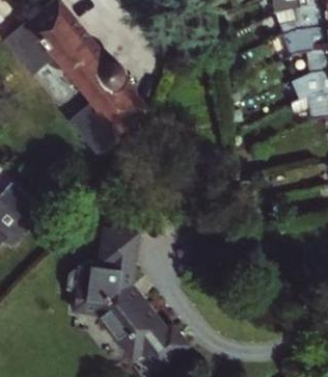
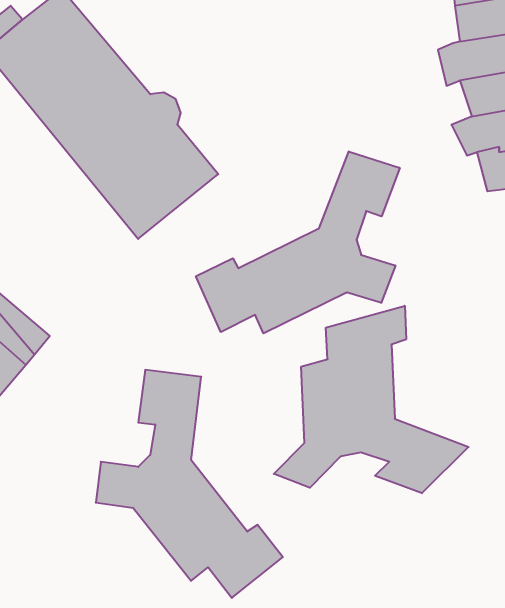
building: none -> [196,151,400,333]
building: none -> [274,306,469,493]

